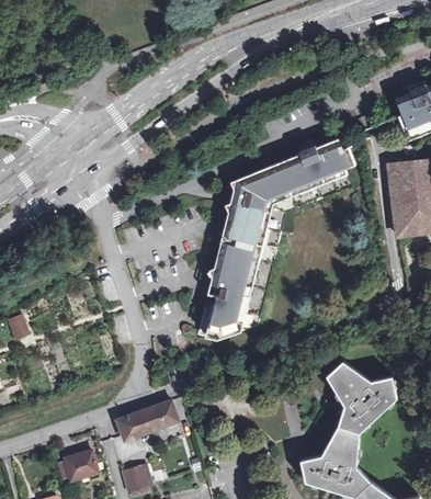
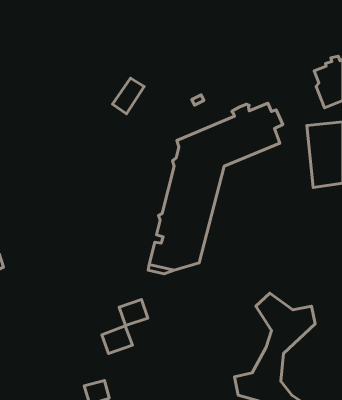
building: none -> [112,78,144,114]
building: [117,410,151,441] -> [119,300,148,326]
building: [66,451,99,480] -> none

